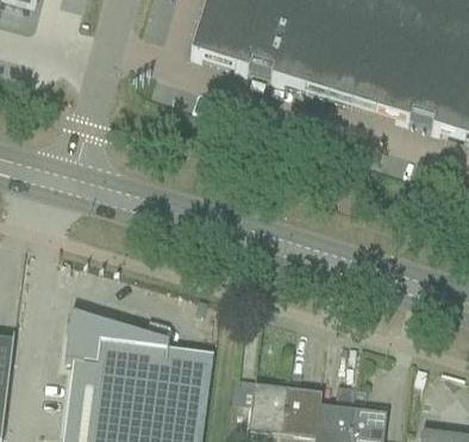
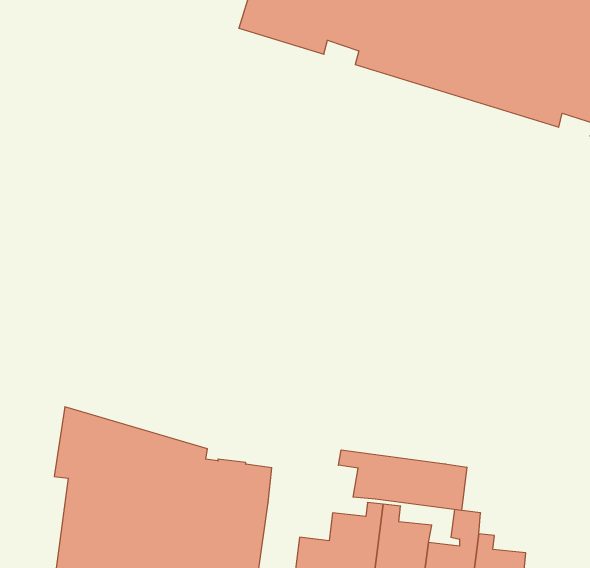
building: none -> [338,450,467,510]

